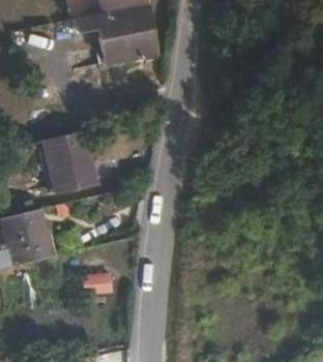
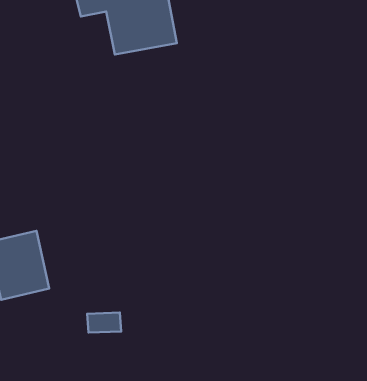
building: [42,130,97,193] -> none

